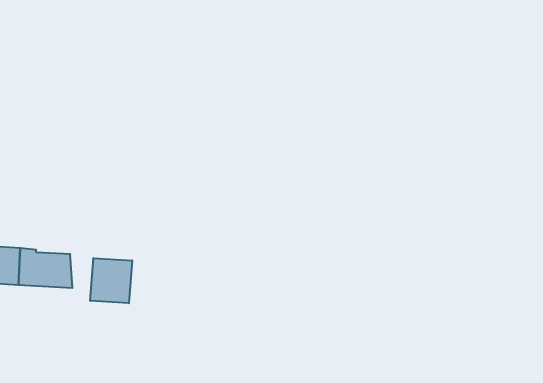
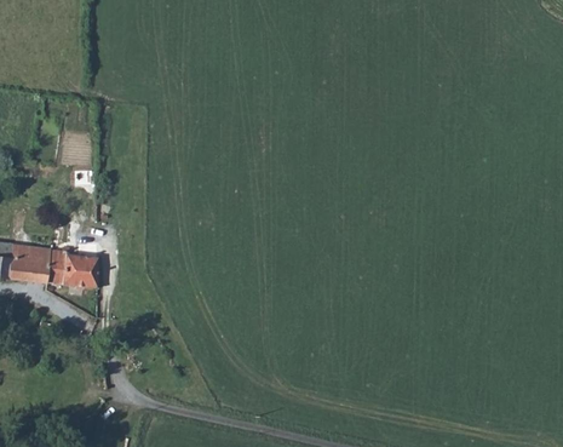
building: [90,258,132,303] -> none

